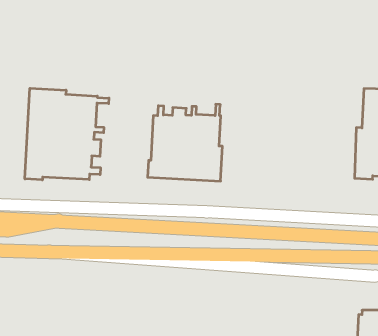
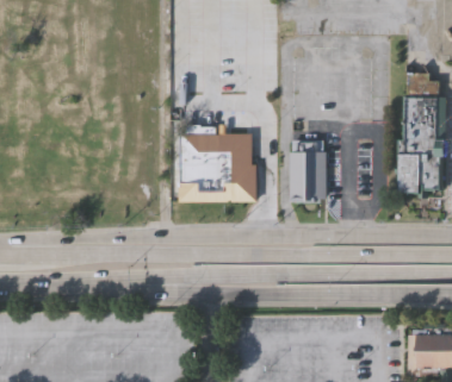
building: [25,88,109,180] -> none
building: none -> [280,140,327,202]

